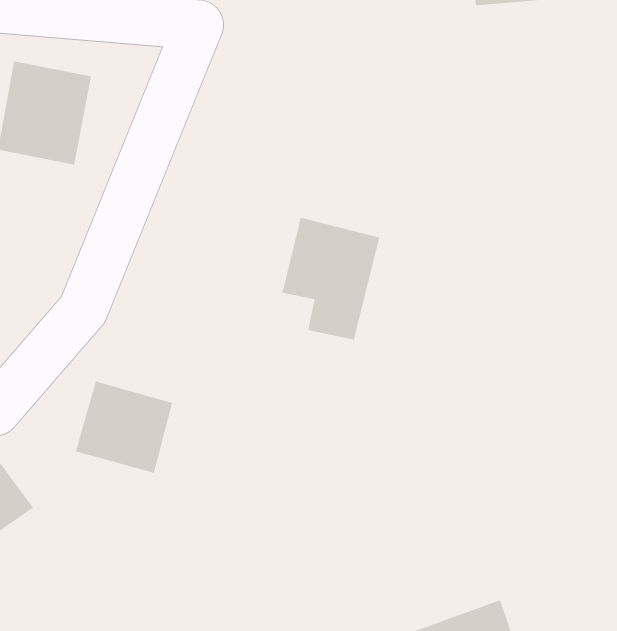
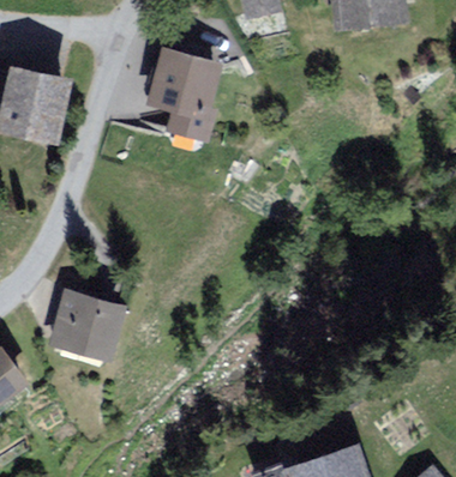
building: [282,217,380,341] -> [152,49,222,137]

